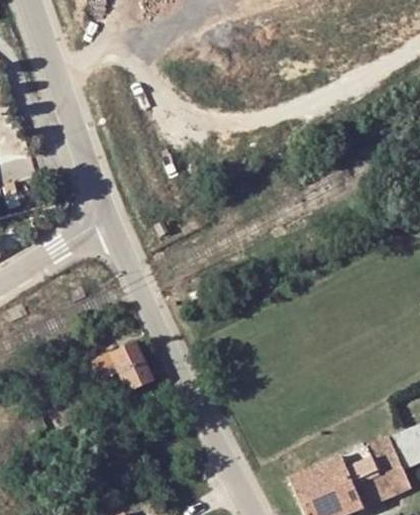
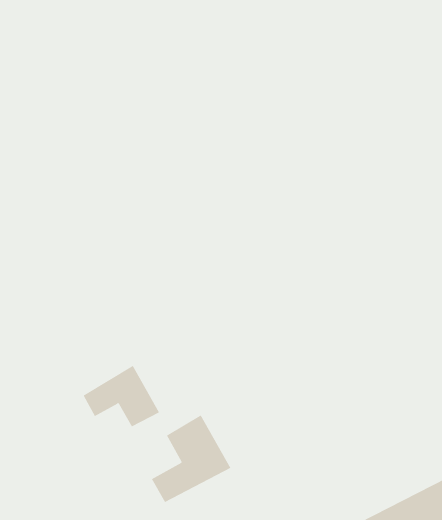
building: none -> [151,415,231,503]

